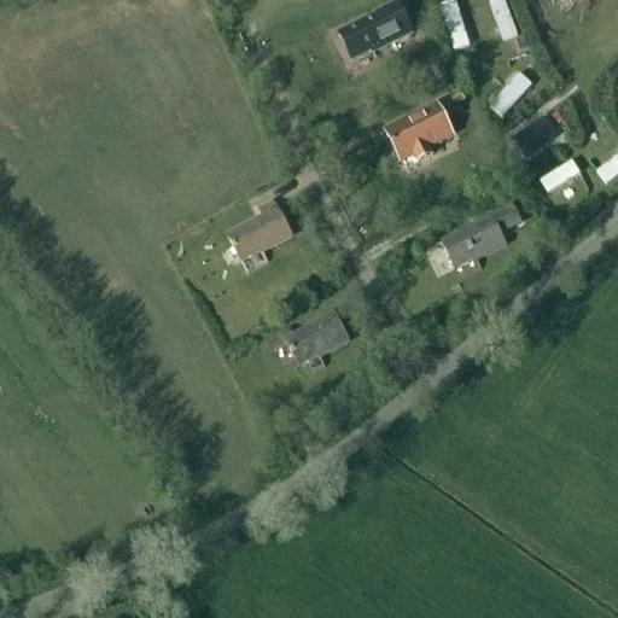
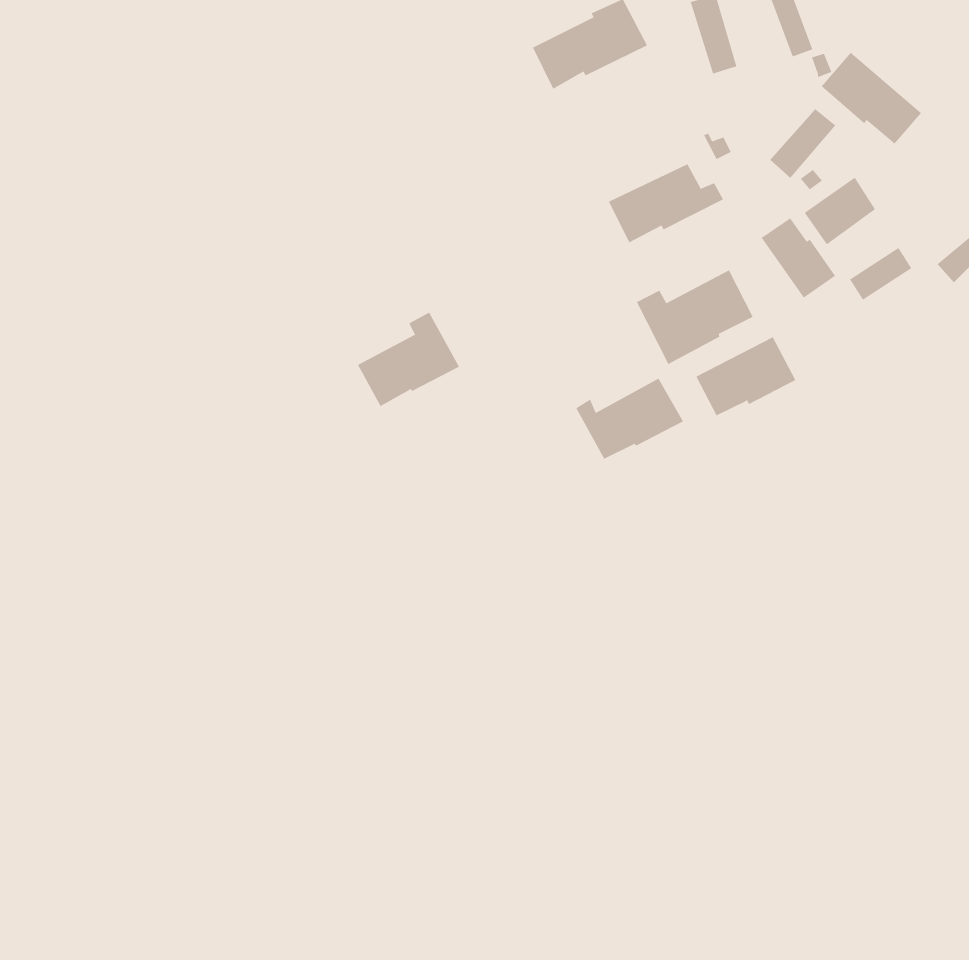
building: none -> [821,52,922,144]
building: none -> [761,217,836,298]
building: none -> [636,270,754,365]
building: [281,310,350,362] -> [575,378,684,460]

